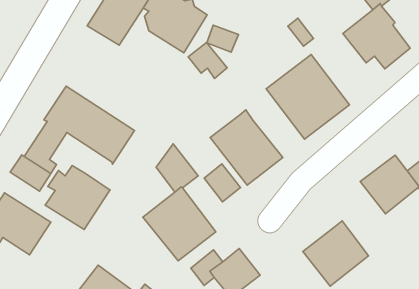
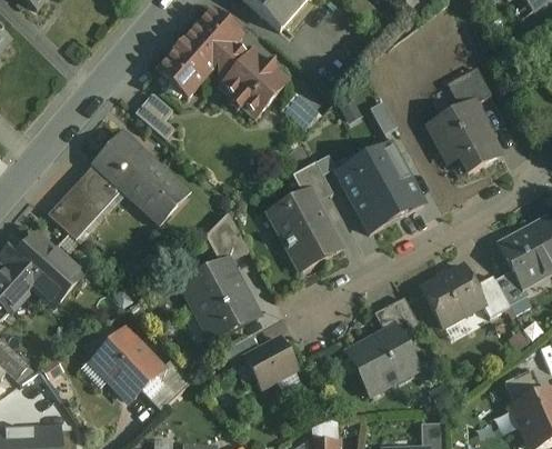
building: [188,42,227,78] -> [292,161,332,201]
building: none -> [134,91,174,138]
building: [204,164,240,202] -> none
building: [45,165,110,230] -> none
building: none -> [374,297,422,340]

